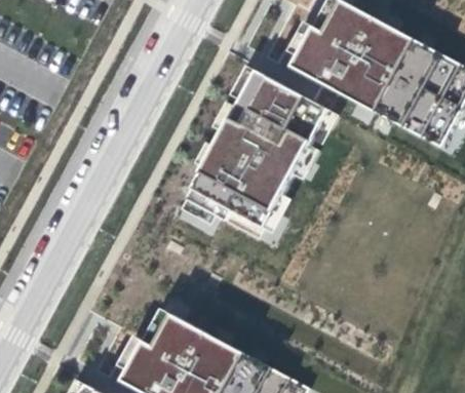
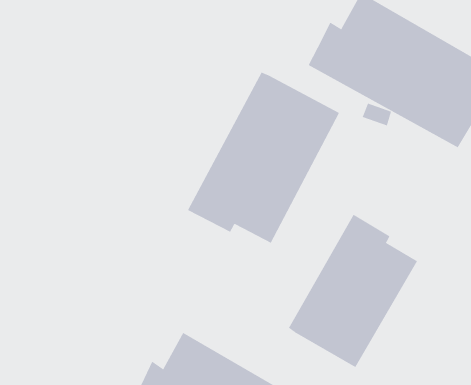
building: none -> [288,214,418,368]

